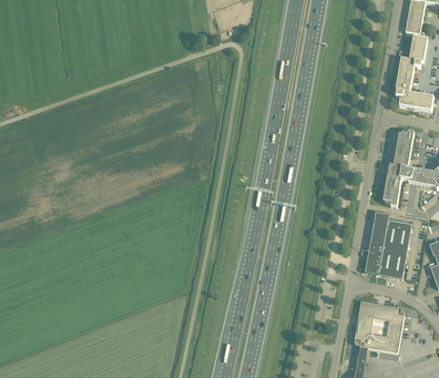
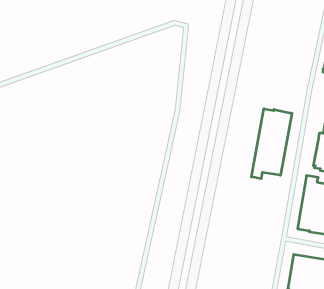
building: none -> [251,109,292,179]

